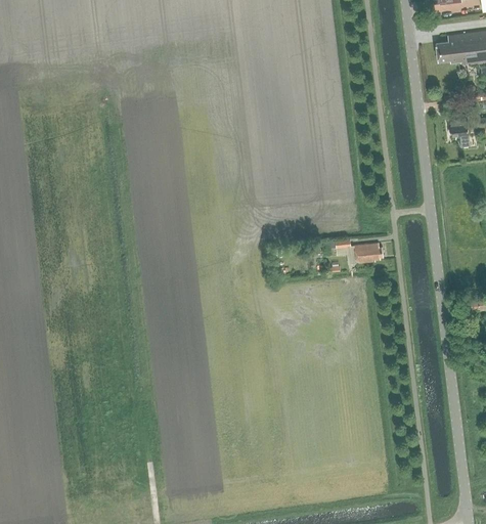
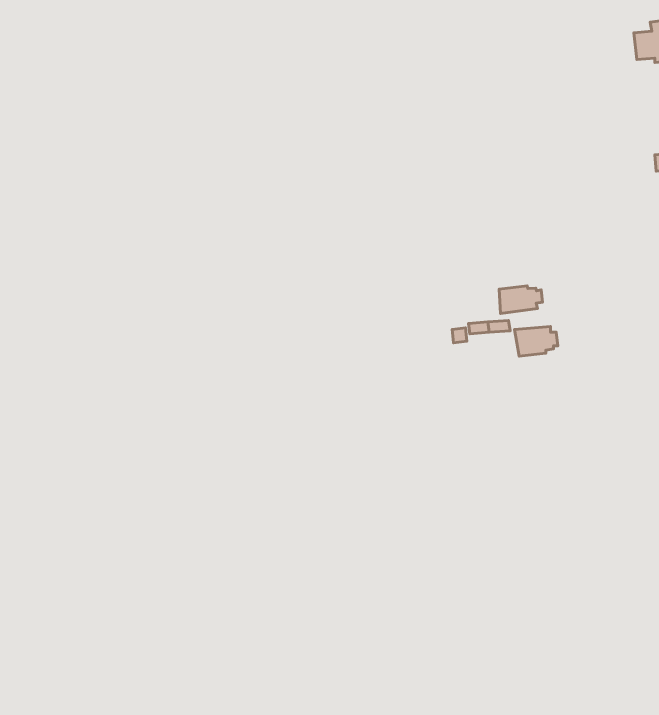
building: none -> [499,286,542,314]

